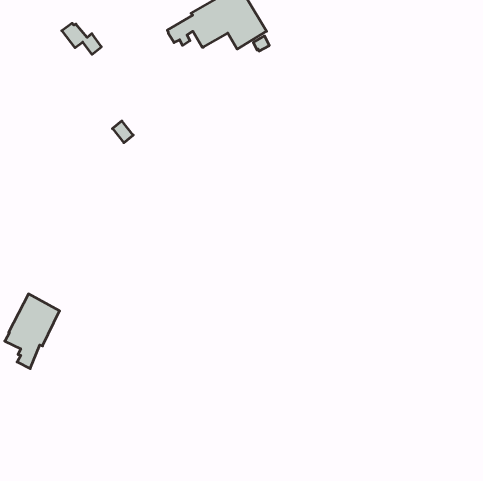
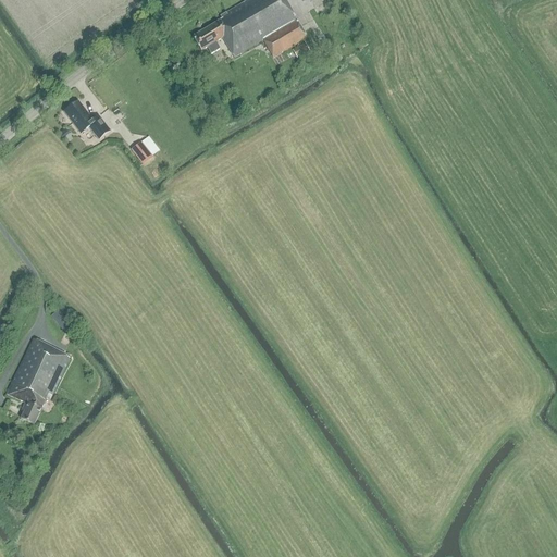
building: [62,23,101,54] -> [63,102,109,138]

